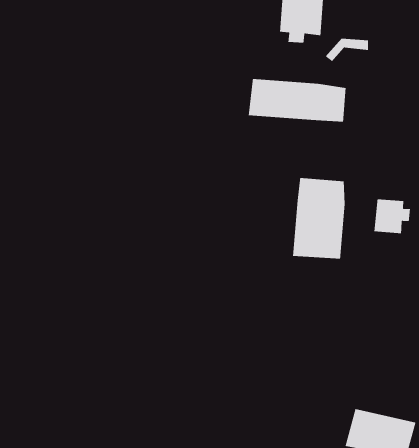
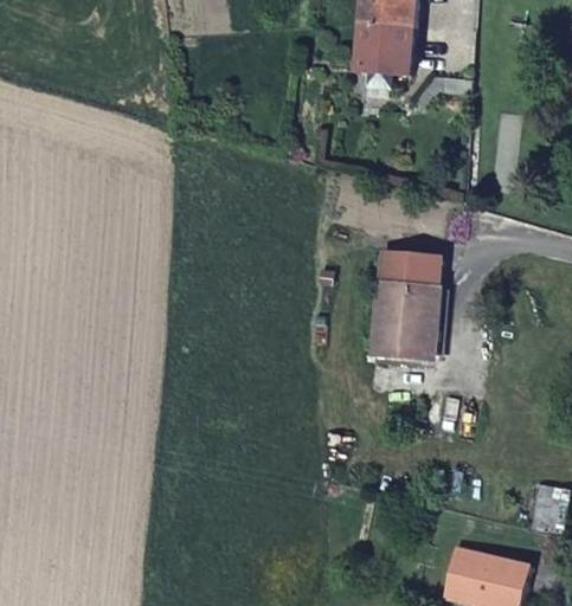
building: [248,78,347,122] -> none
building: [374,198,411,234] -> none

